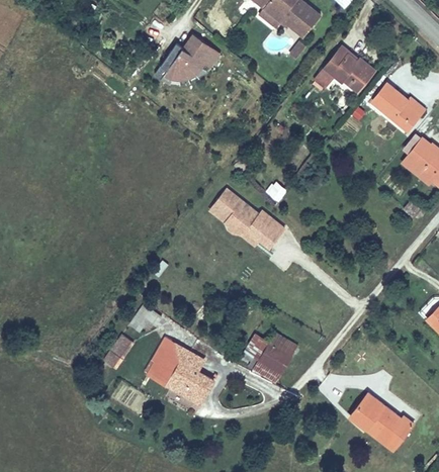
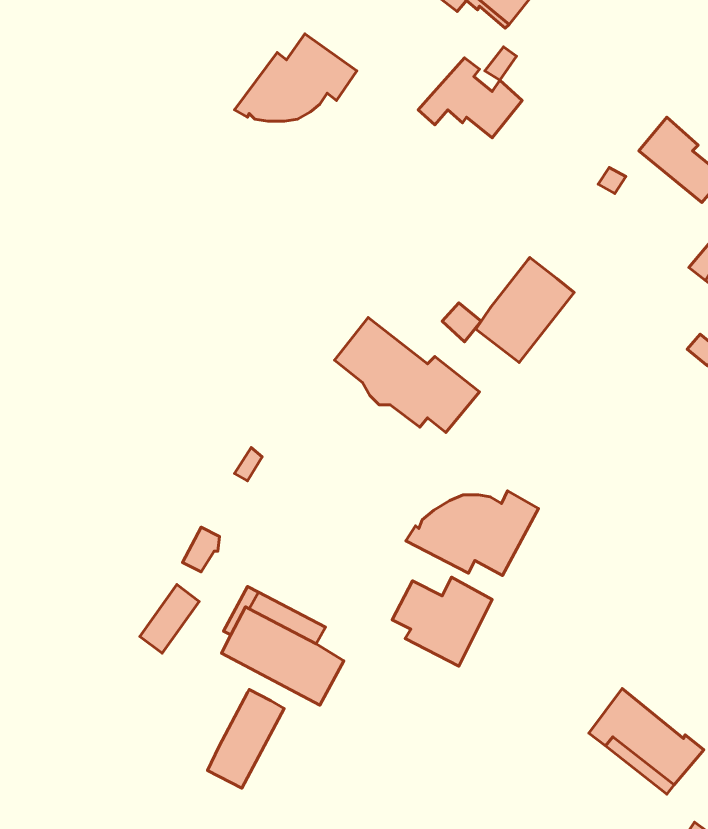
building: [320,45,376,89] -> [418,58,522,138]
building: none -> [476,257,574,363]
building: none -> [406,491,538,576]
building: none -> [208,690,284,788]

